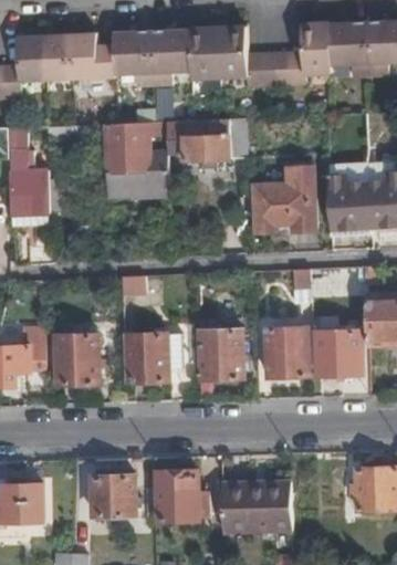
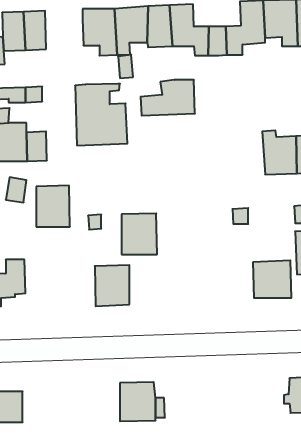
building: [69,34,114,80] -> none
building: [253,167,314,232] -> none
building: [265,328,306,377] -> none
building: [200,331,242,379] -> [122,213,157,254]
building: [58,335,97,384] -> [36,186,70,227]
building: [92,474,134,515] -> none
building: [221,482,291,533] -> none

